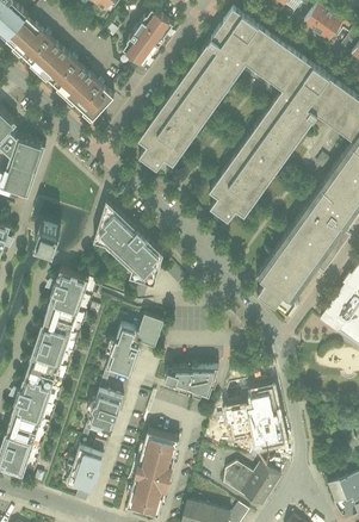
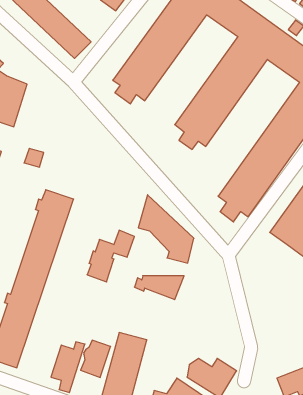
building: [95,206,160,285] -> [138,195,194,263]
building: [228,386,285,446] -> none
building: [87,391,122,434] -> [81,340,111,377]

